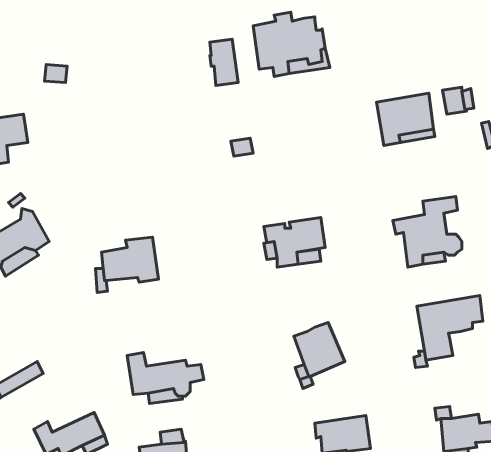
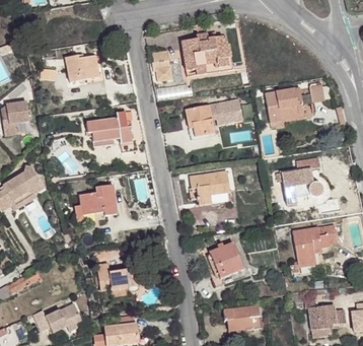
building: none -> [65,54,99,81]
building: none -> [185,97,243,138]
building: none -> [86,111,137,152]

